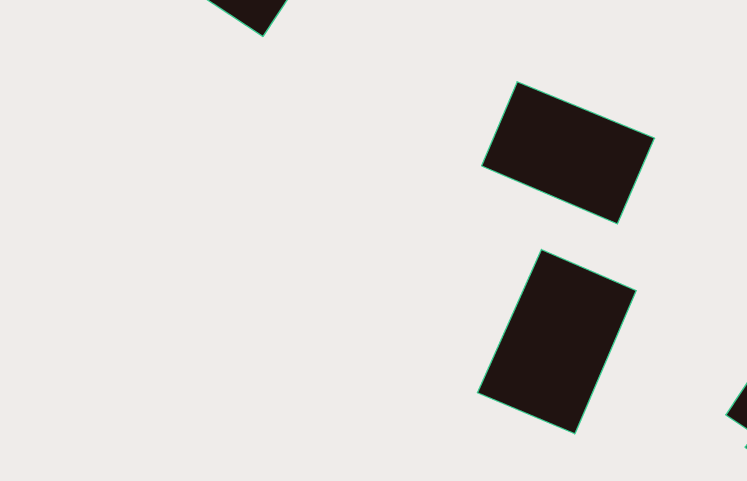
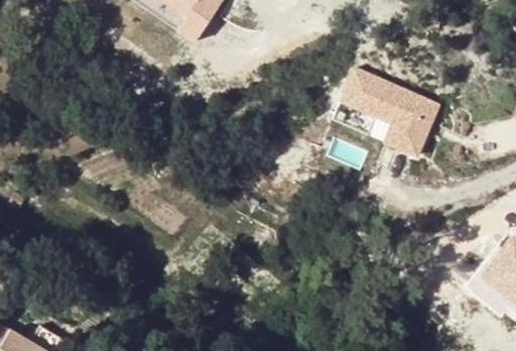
building: [477,249,636,434] -> none

